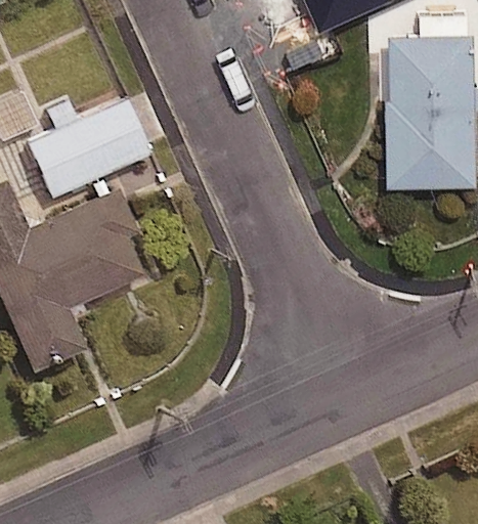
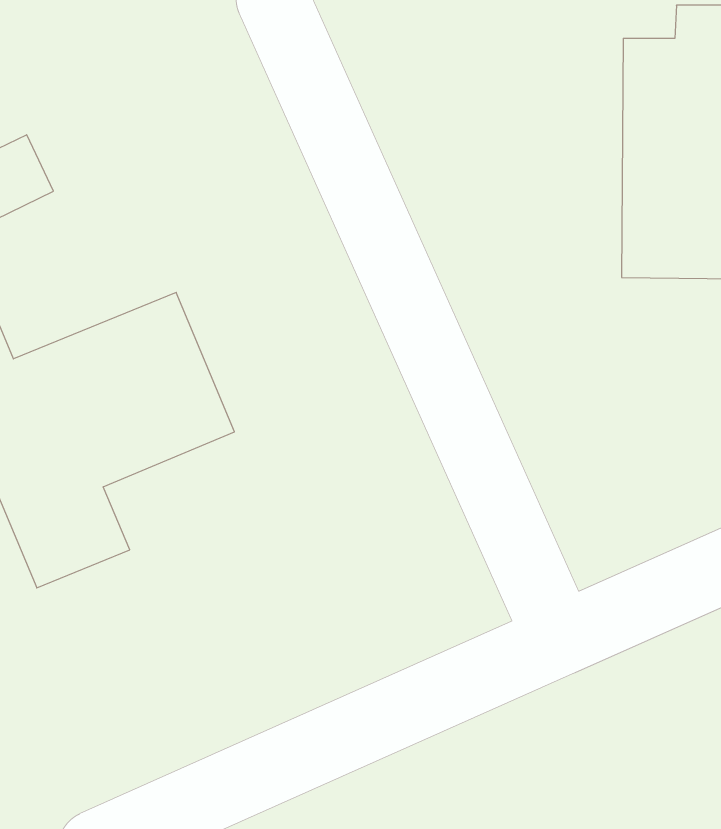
building: [29,103,147,198] -> none

